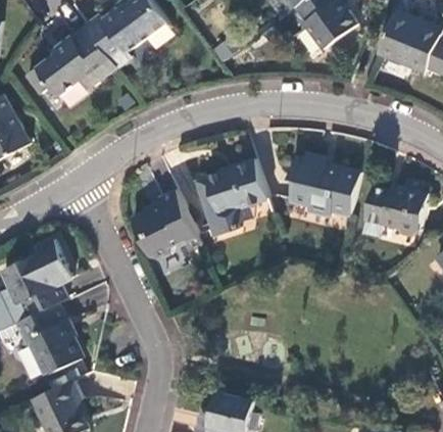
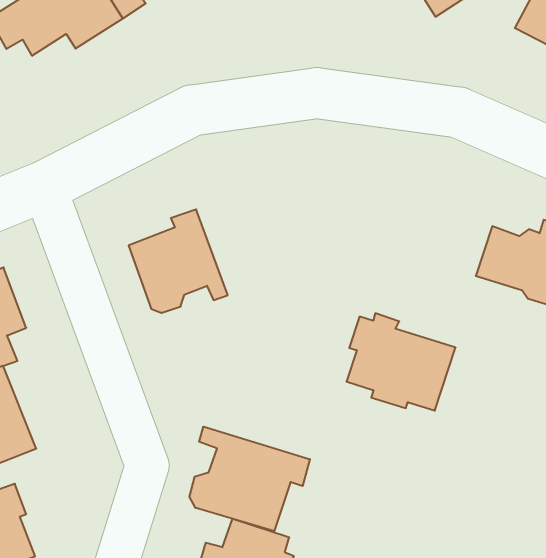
building: [289,152,359,213] -> [346,313,456,411]
building: [197,158,265,235] -> none
building: none -> [190,427,310,531]

